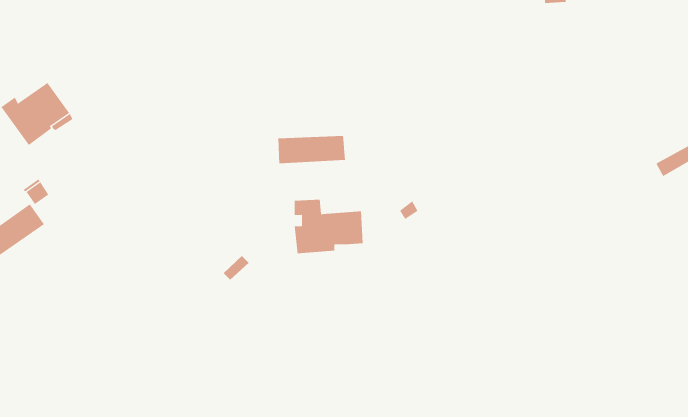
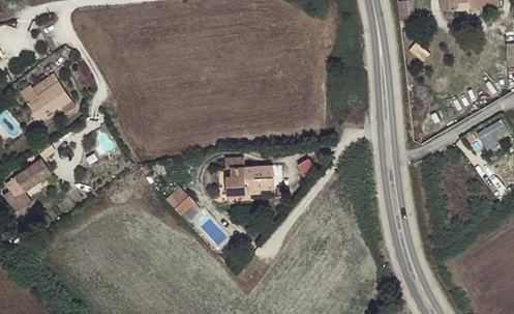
building: [278,135,346,164] -> none

